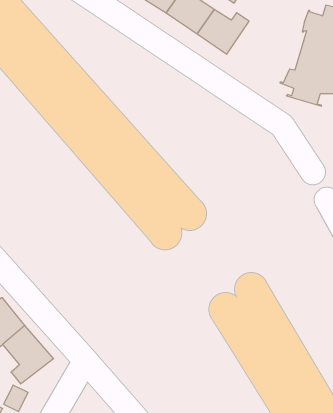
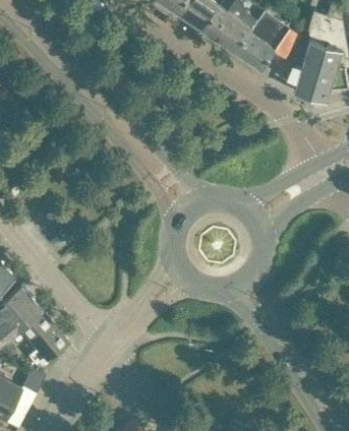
building: none -> [237,12,300,70]

